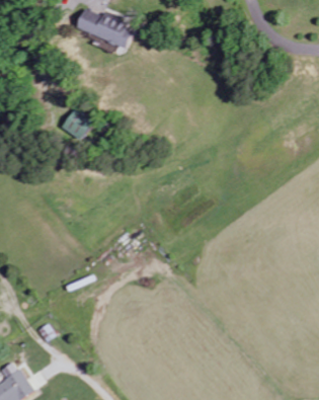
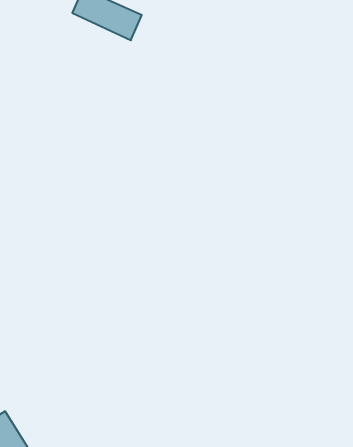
building: [64,108,93,139] -> none

